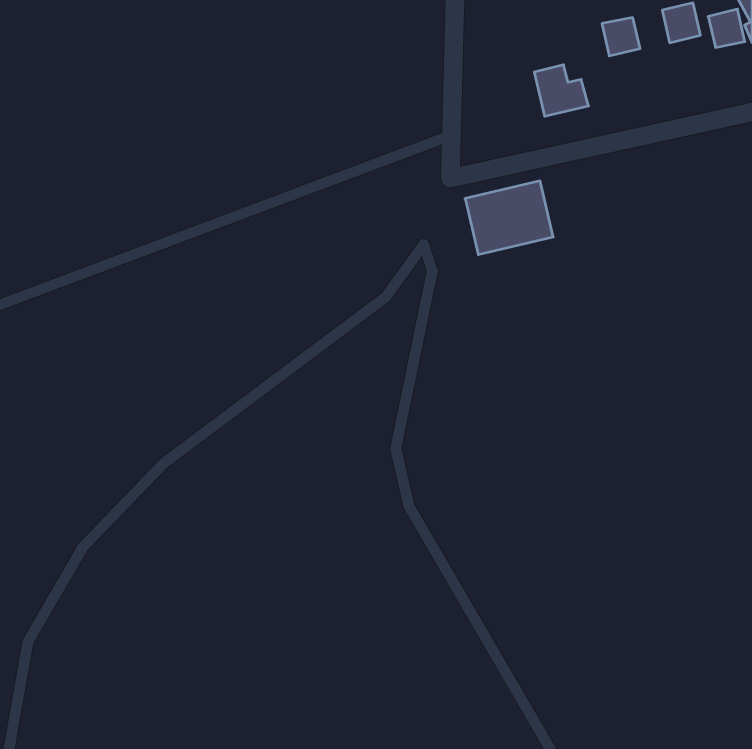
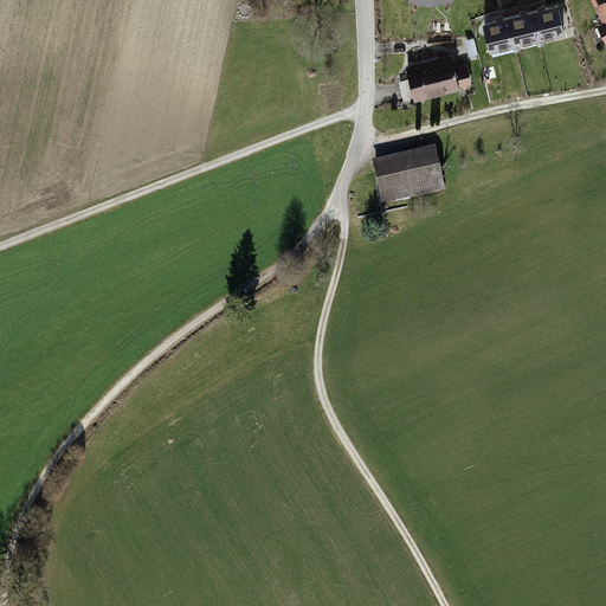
building: [708,9,745,47] -> [509,8,539,39]
building: none -> [400,58,438,102]

